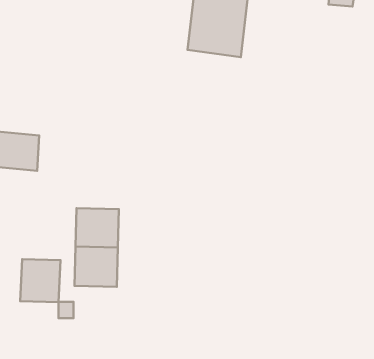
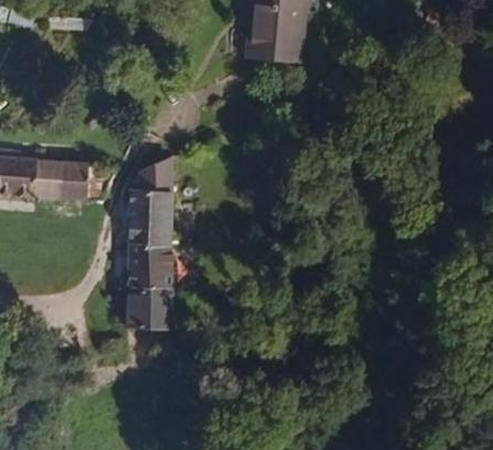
building: none -> [127,157,175,241]
building: [20,259,61,302] -> none

